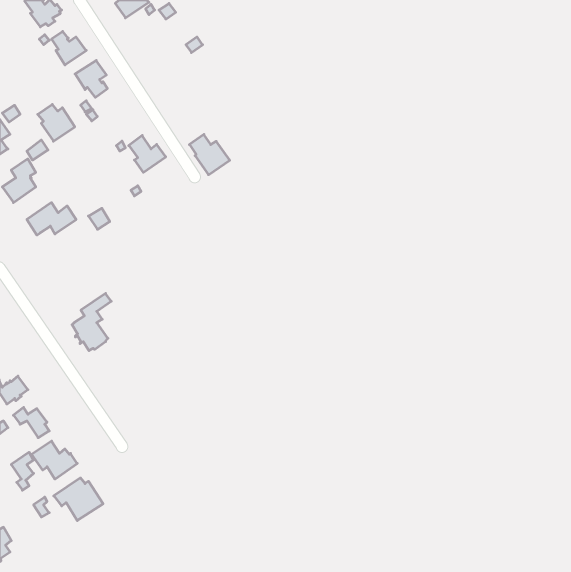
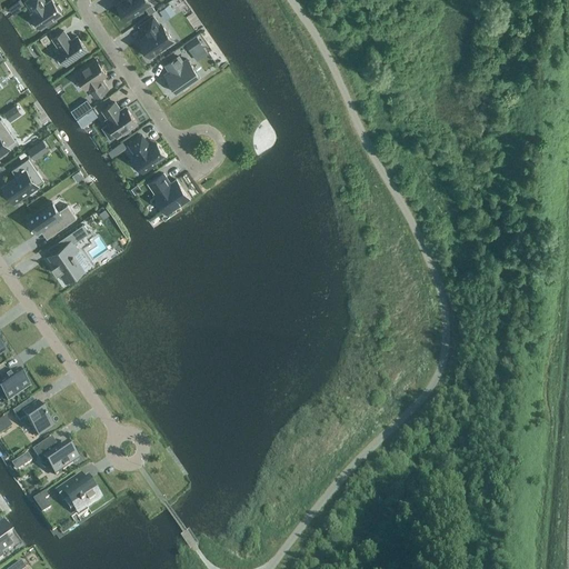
building: none -> [137,14,173,58]
building: none -> [164,57,198,91]
building: [38,104,75,141] -> [100,101,137,138]
building: [189,134,230,175] -> [148,173,188,213]
building: [72,293,111,351] -> [49,226,88,282]

